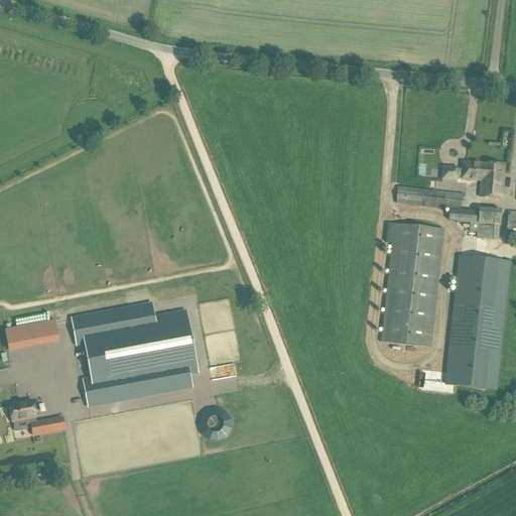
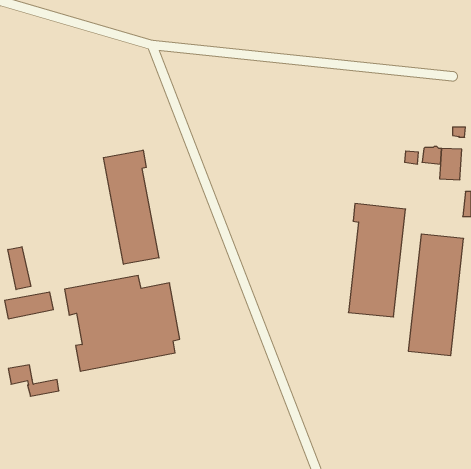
building: none -> [103,150,159,264]
building: [396,184,503,239] -> none
building: none -> [8,247,31,290]

